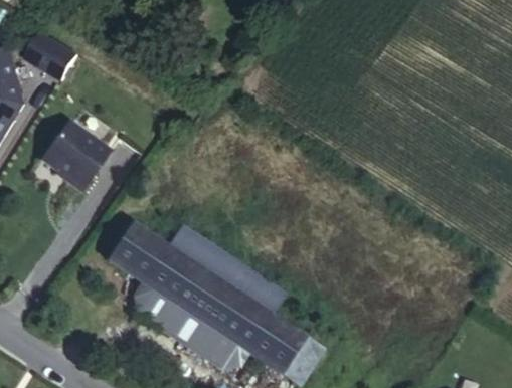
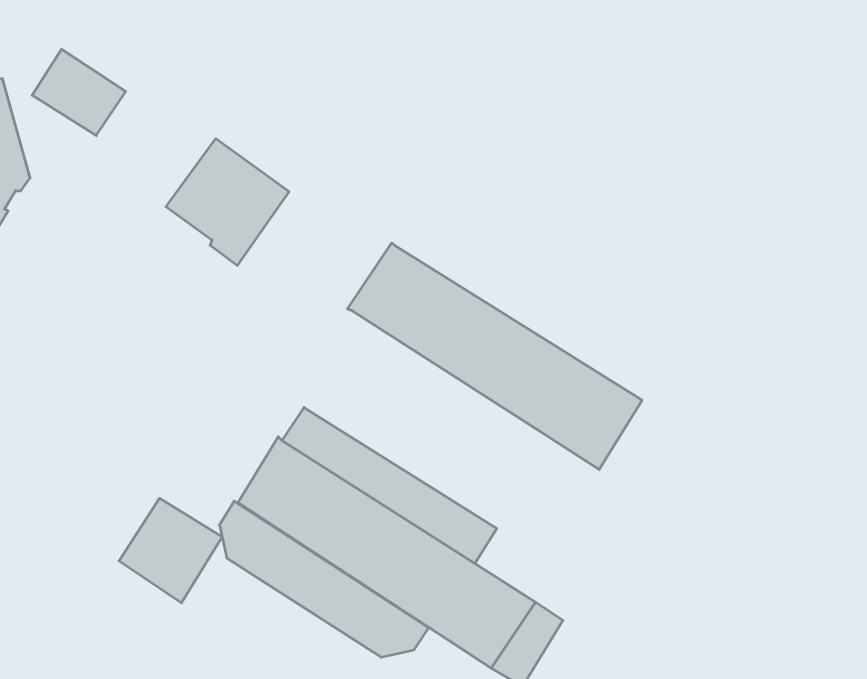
building: [41,121,109,190] -> [166,139,289,265]
building: none -> [347,243,642,470]
building: [110,223,166,280] -> [119,498,222,603]

